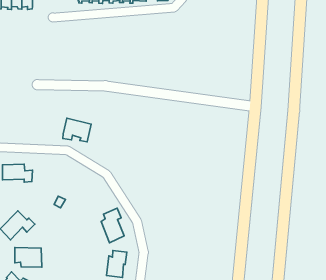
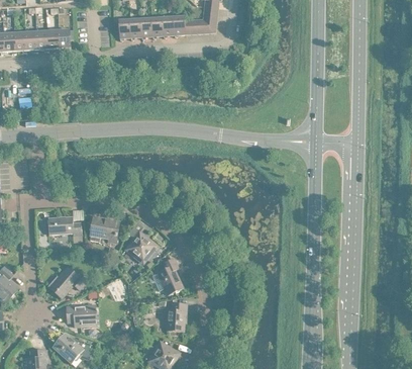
building: [63,118,91,142] -> [90,216,119,241]
building: none -> [125,230,157,262]

